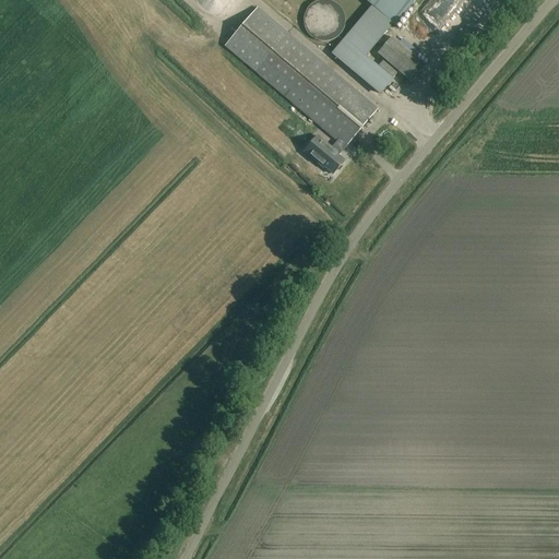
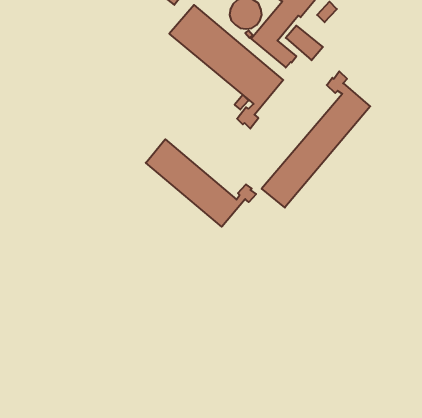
building: none -> [262,71,370,208]
building: none -> [146,139,256,227]

